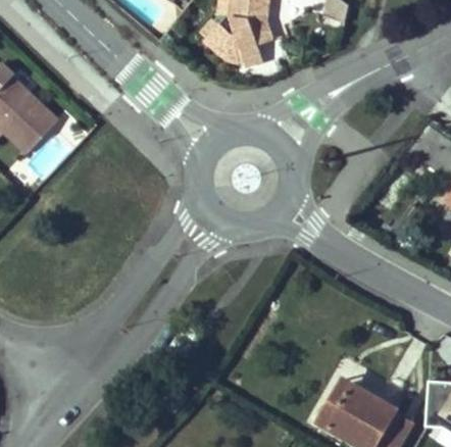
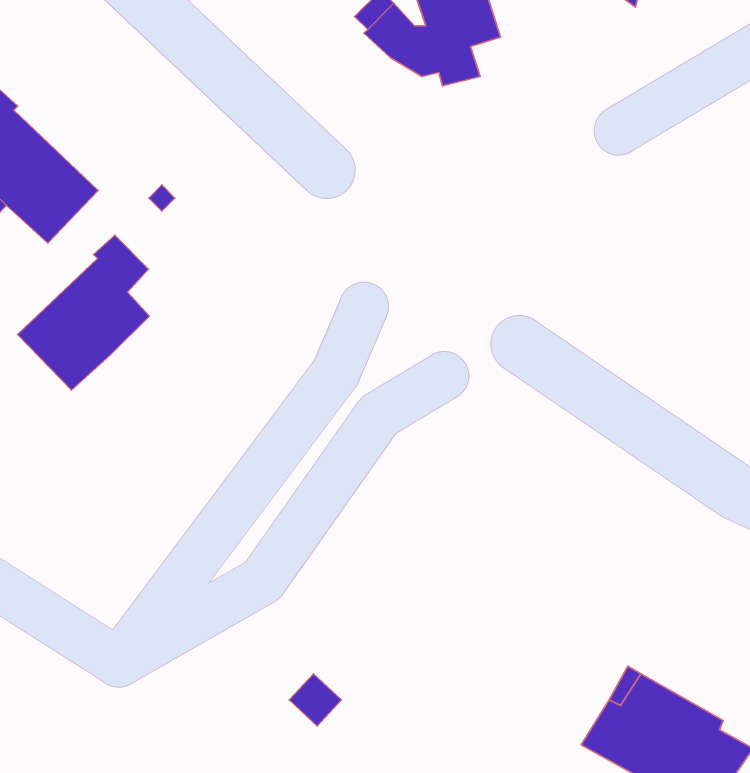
building: none -> [18,235,149,390]

